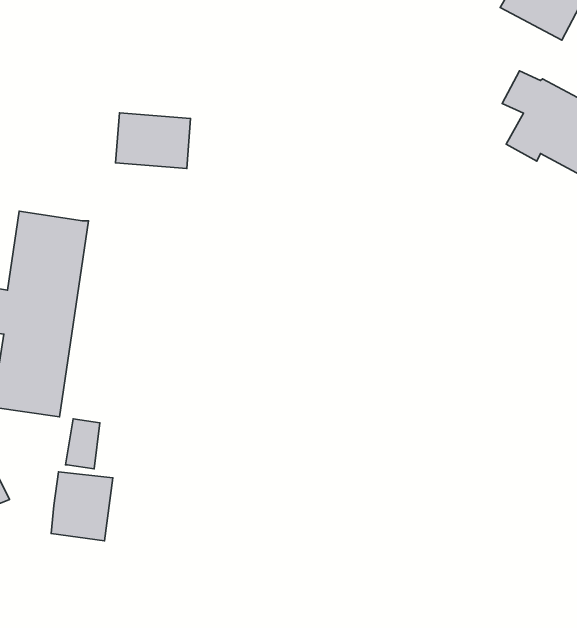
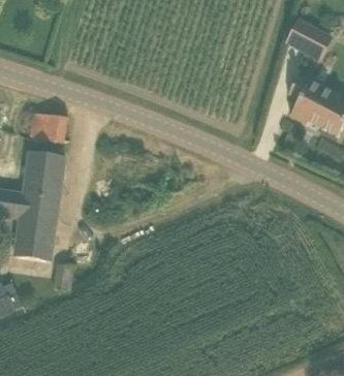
building: [115,113,191,169] -> [29,112,69,142]
building: [51,472,113,541] -> none

